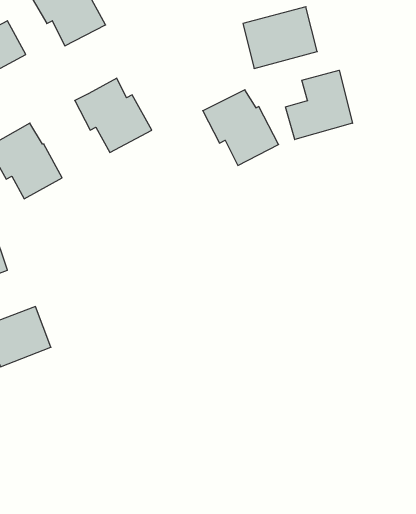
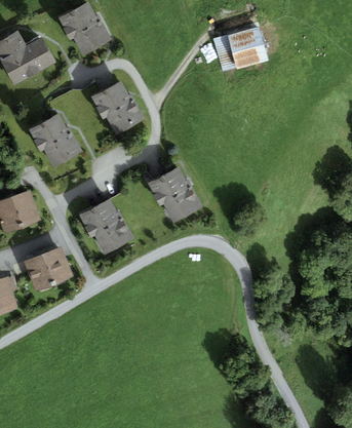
building: [285,70,353,140] -> none
building: [203,90,279,165] -> [147,166,202,222]
building: none -> [77,198,134,254]

